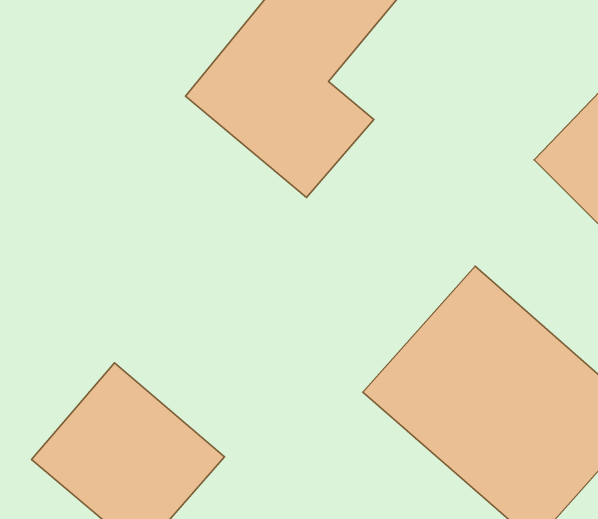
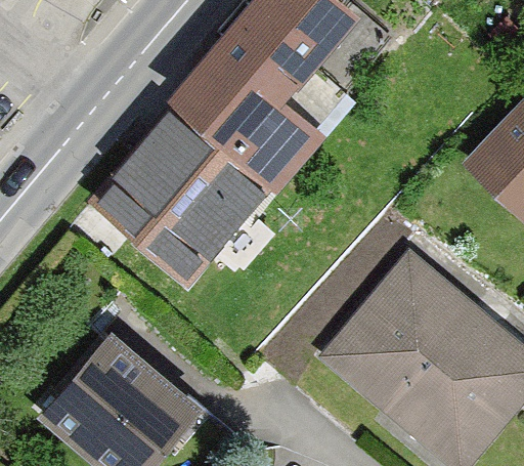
building: none -> [85,107,270,292]

